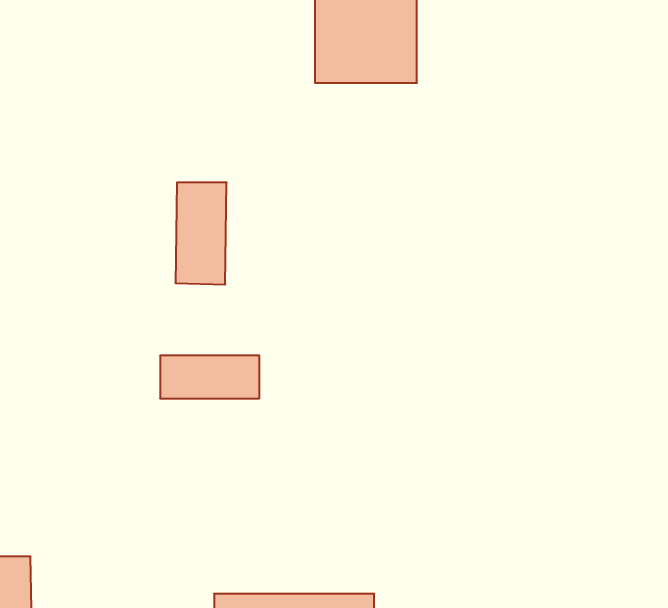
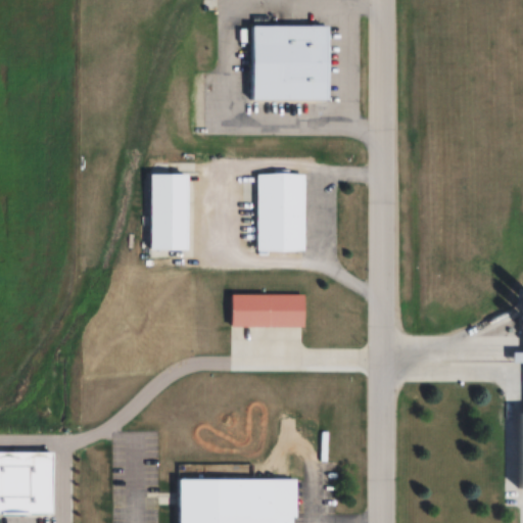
building: none -> [257,173,307,252]
building: [160,356,259,398] -> [233,294,306,326]

